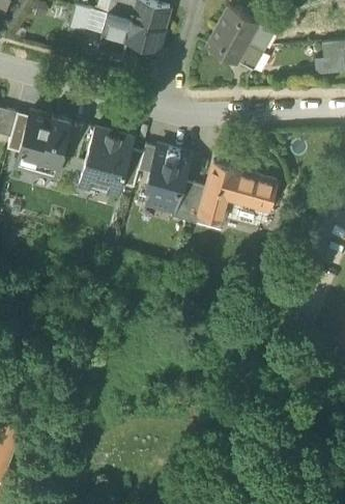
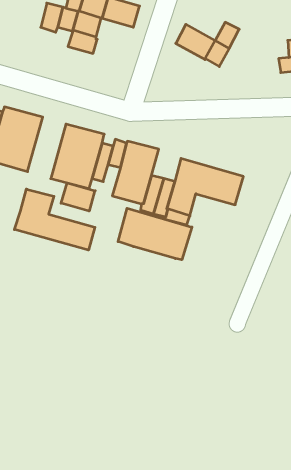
building: [219,6,260,43] -> none
building: [126,20,165,51] -> none
building: none -> [61,183,95,211]
building: none -> [14,189,95,250]
building: none -> [118,208,192,260]

